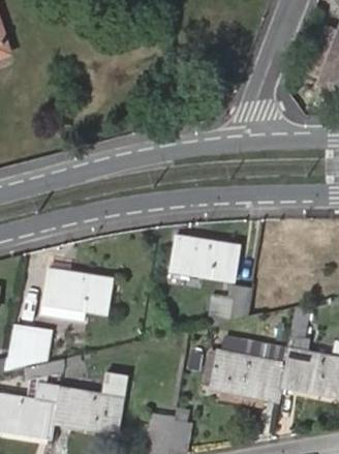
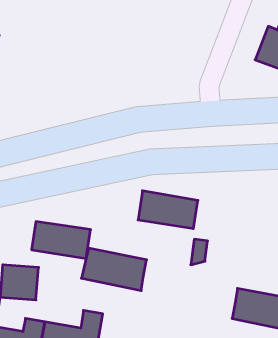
building: [208,350,284,399] -> [81,248,147,291]

